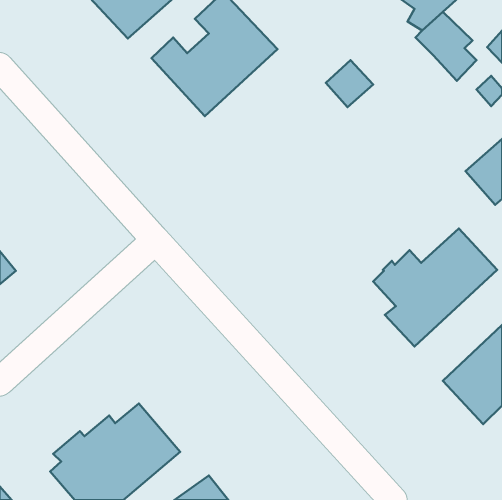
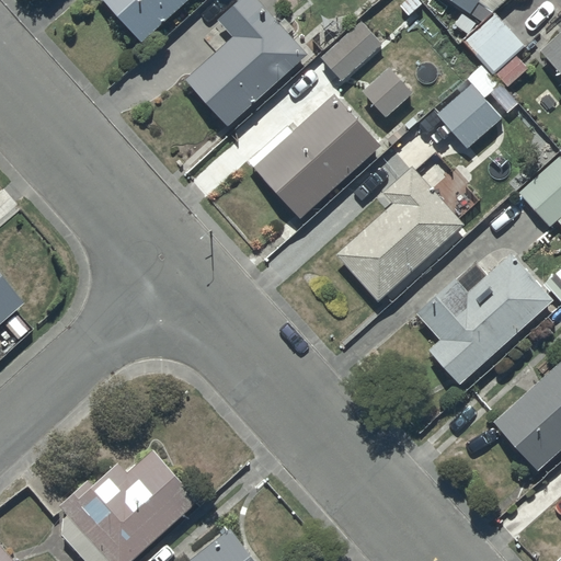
building: none -> [321,21,382,81]
building: none -> [436,61,519,149]
building: none -> [247,94,382,220]
building: none -> [334,156,474,304]

